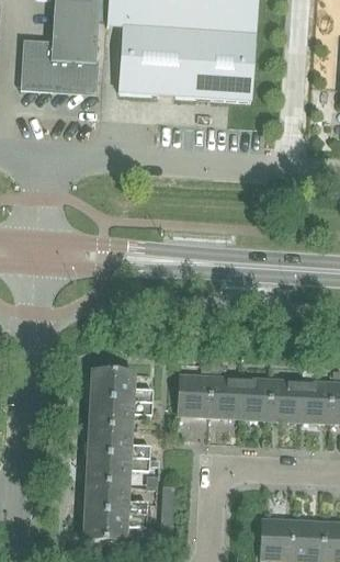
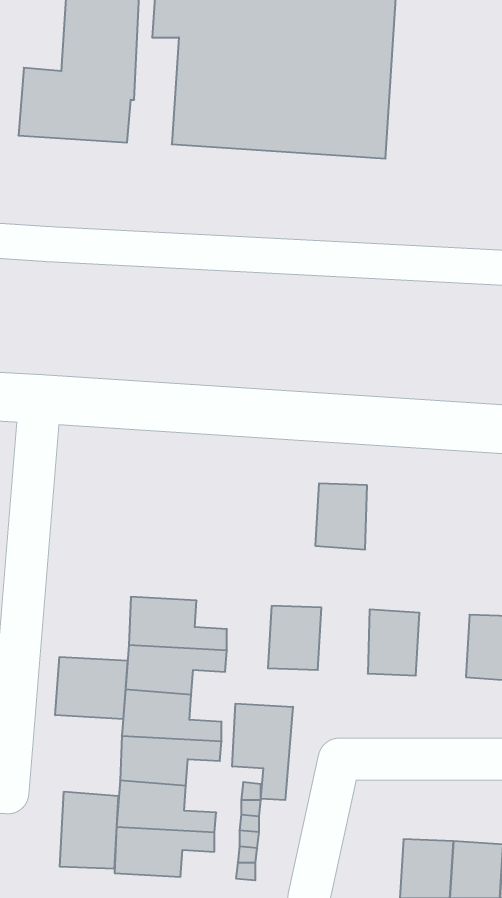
building: [208,376,240,417] -> [315,483,367,549]
building: [269,380,302,419] -> none
building: none -> [55,657,127,719]
building: none -> [232,704,293,800]
building: none -> [60,792,118,869]

